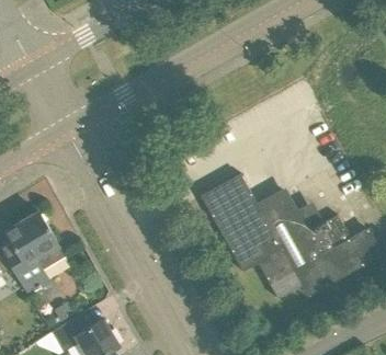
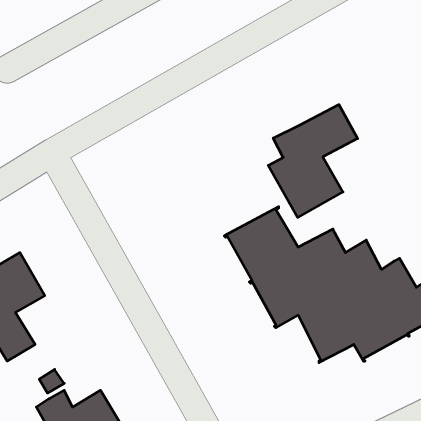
building: none -> [268,105,358,217]

